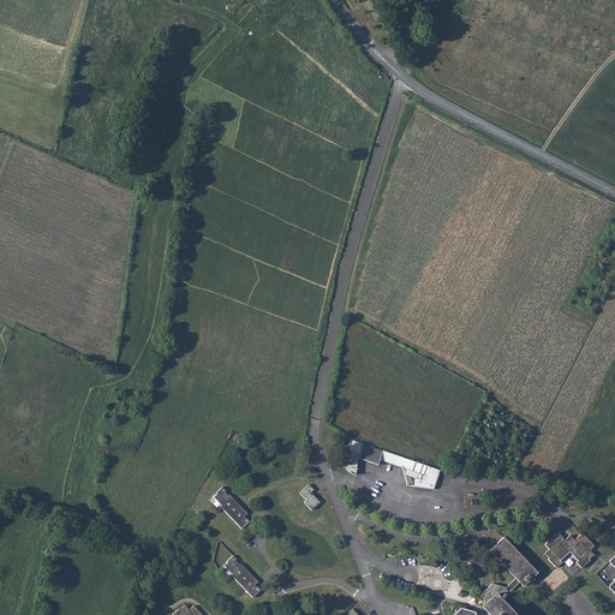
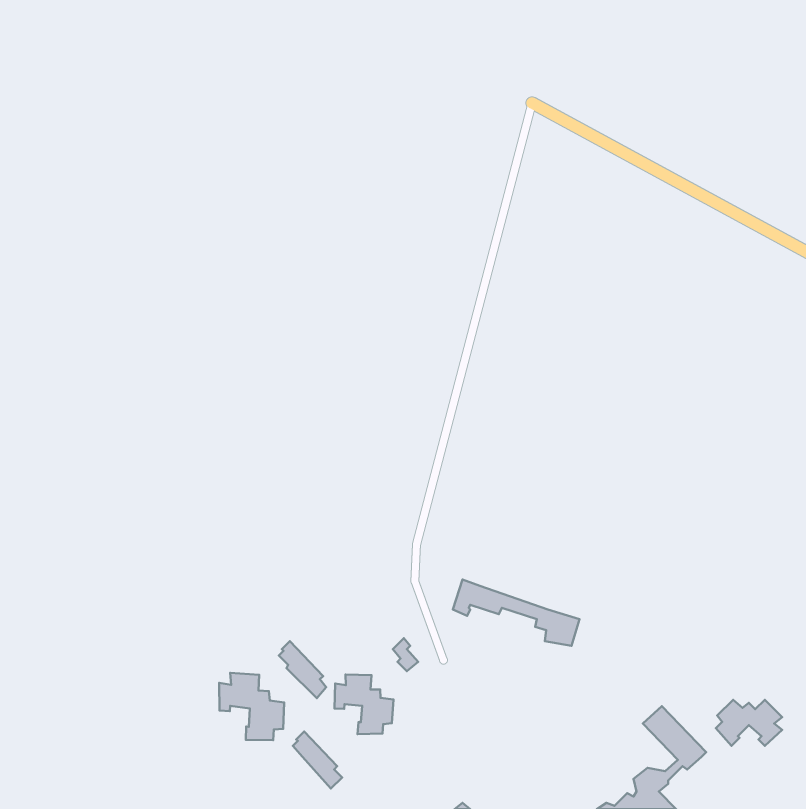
building: none -> [219,673,284,740]
building: none -> [335,674,394,734]

